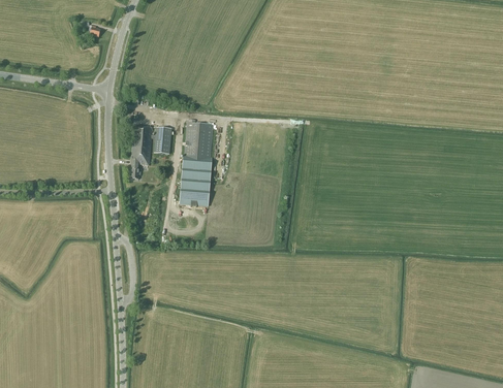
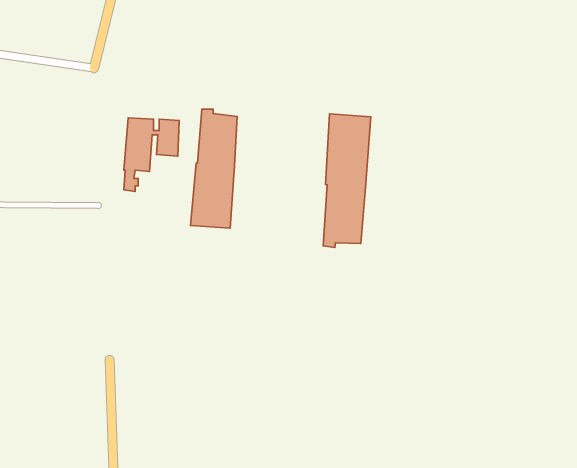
building: none -> [323,114,371,248]

